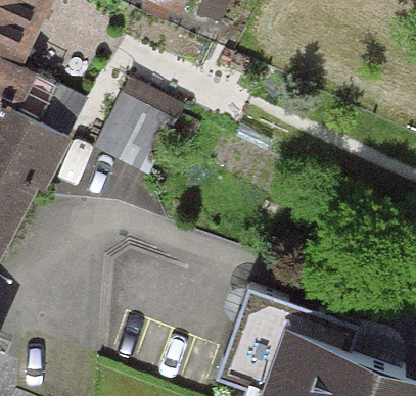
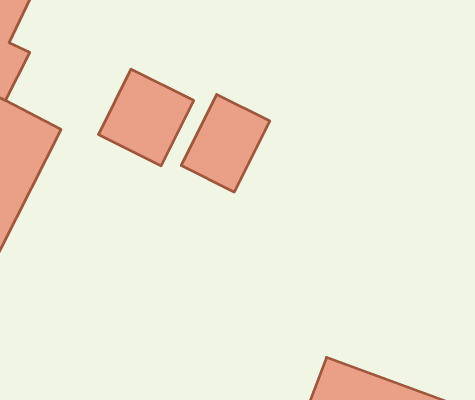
building: none -> [181,94,270,192]

